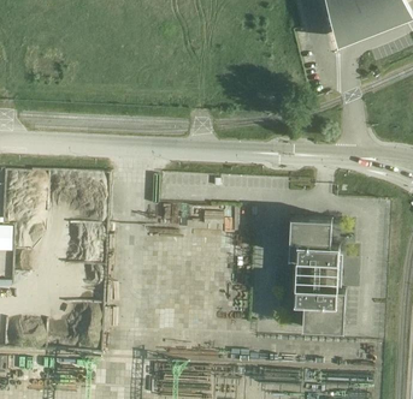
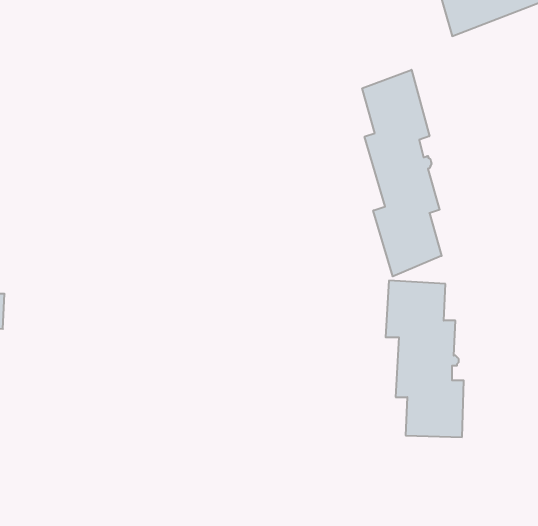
building: none -> [362,70,442,276]

